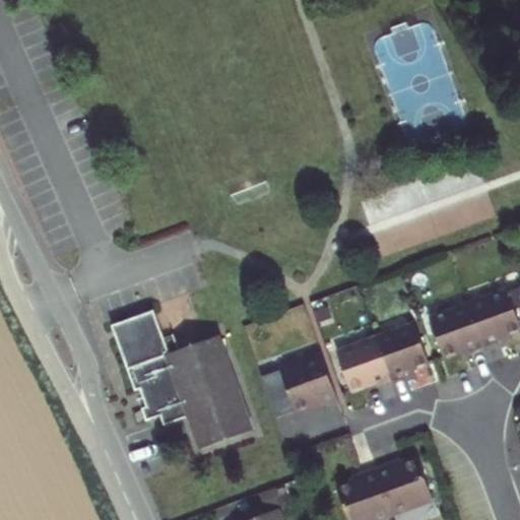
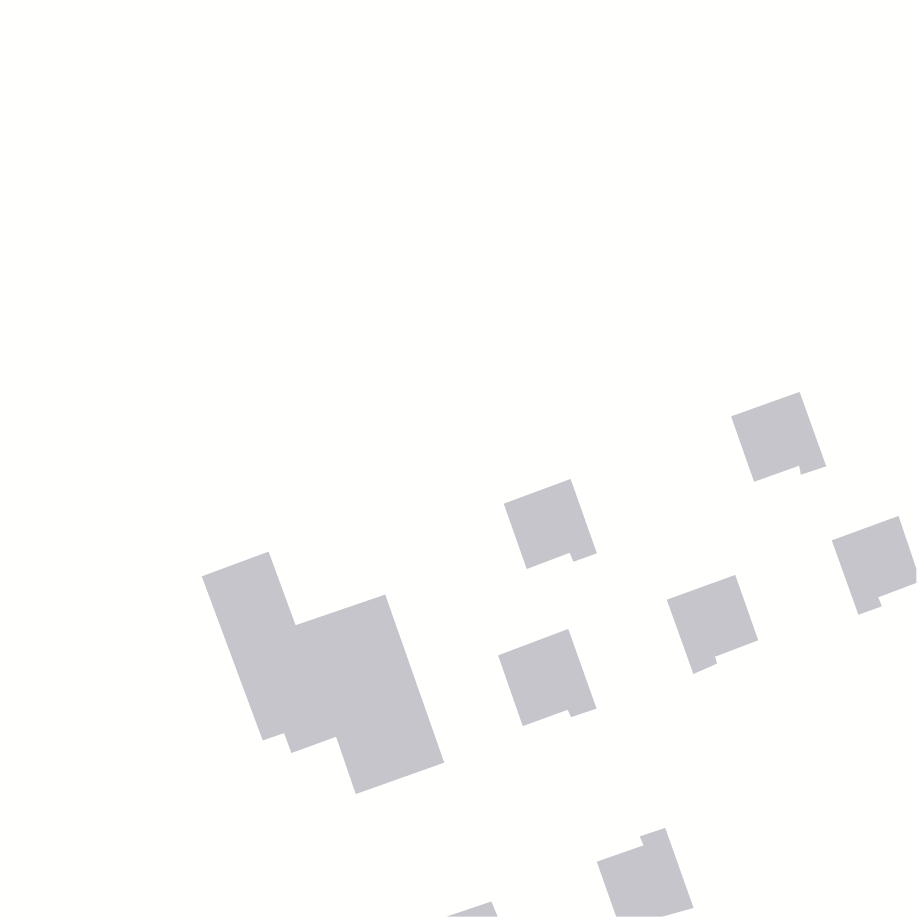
building: [431,306,485,358] -> [730,391,827,483]
building: [338,339,392,391] -> [503,478,598,570]
building: [377,458,434,514] -> none

